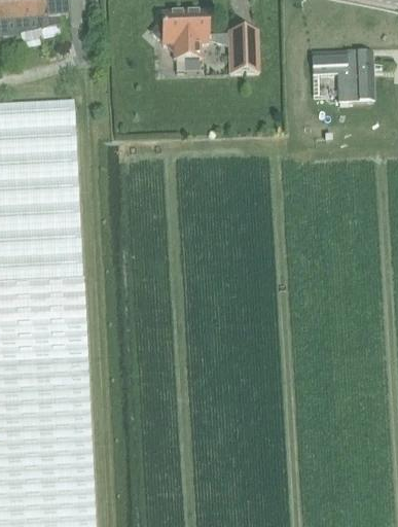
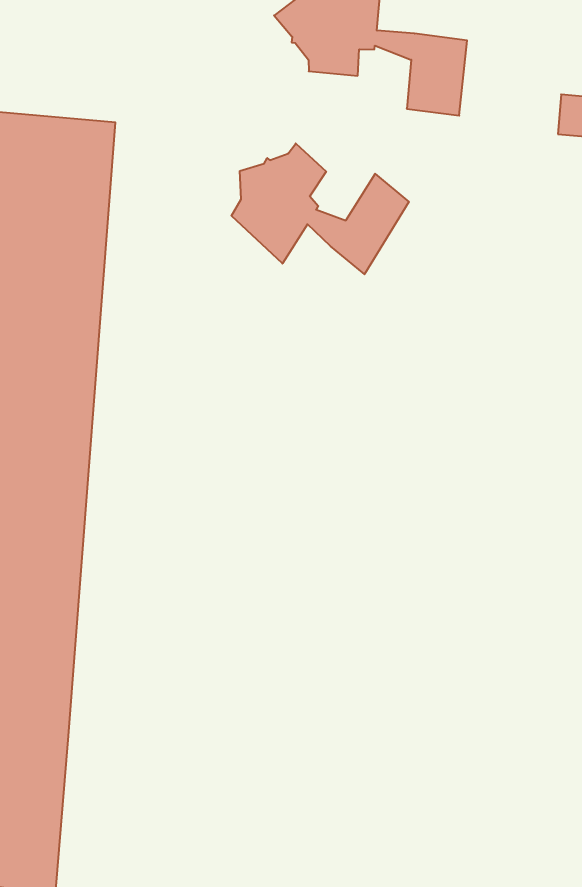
building: none -> [231,143,409,274]

